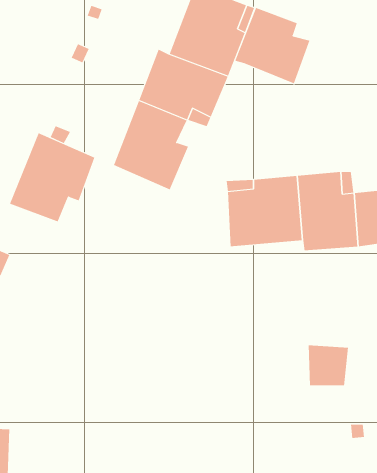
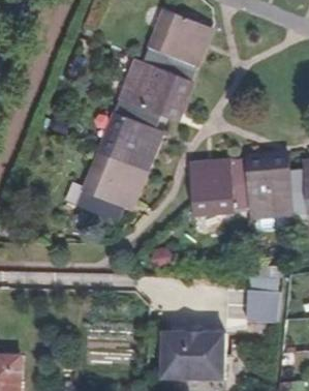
building: [234,7,310,84] -> none
building: [9,132,95,222] -> [78,149,145,219]
building: none -> [160,334,223,381]

